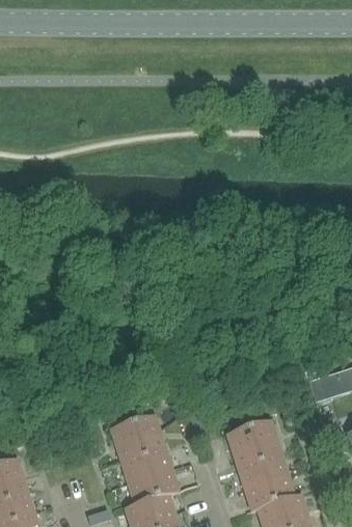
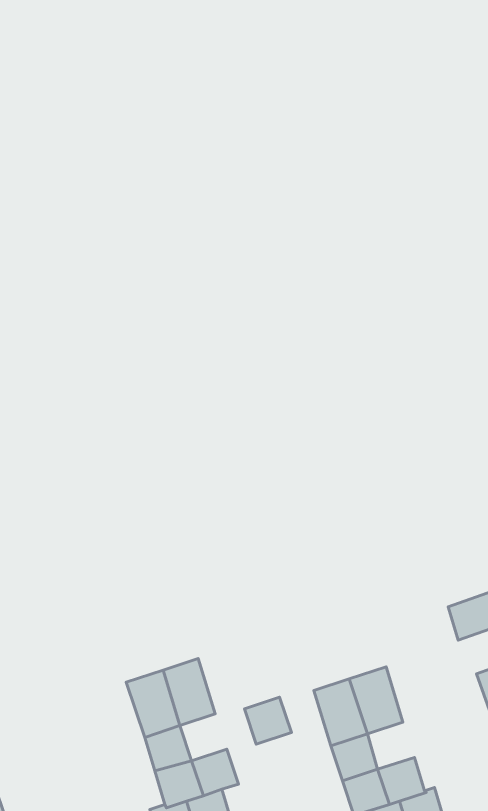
building: [143,448,172,477] -> [244,697,291,744]
building: [260,453,289,482] -> none

